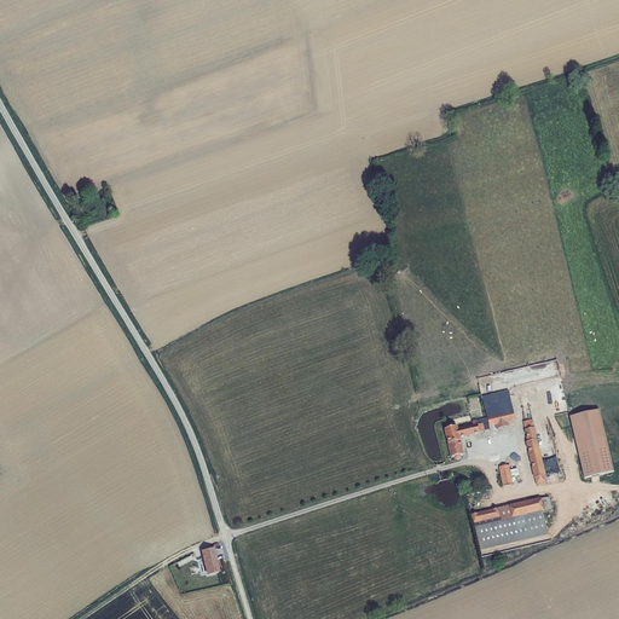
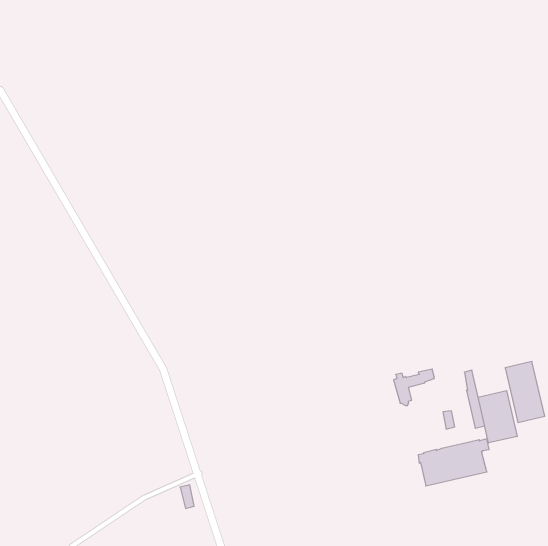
building: [481,388,515,427] -> none
building: none -> [478,391,517,443]

